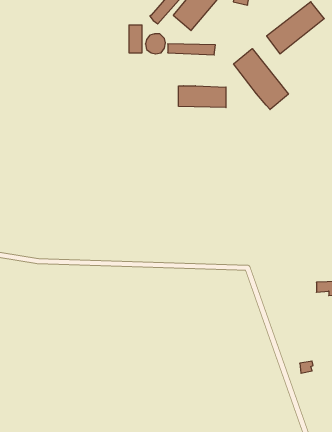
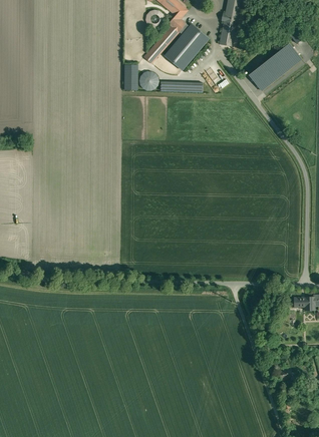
building: [234,49,288,110] -> none
building: [179,86,226,108] -> none

